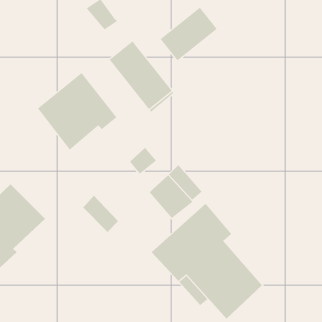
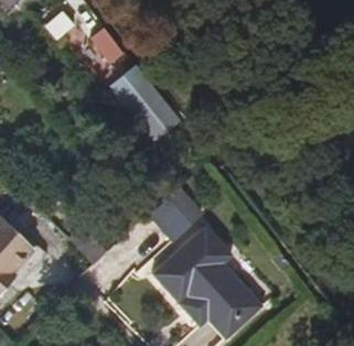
building: [160,7,217,61] -> none
building: [37,72,117,150] -> none

